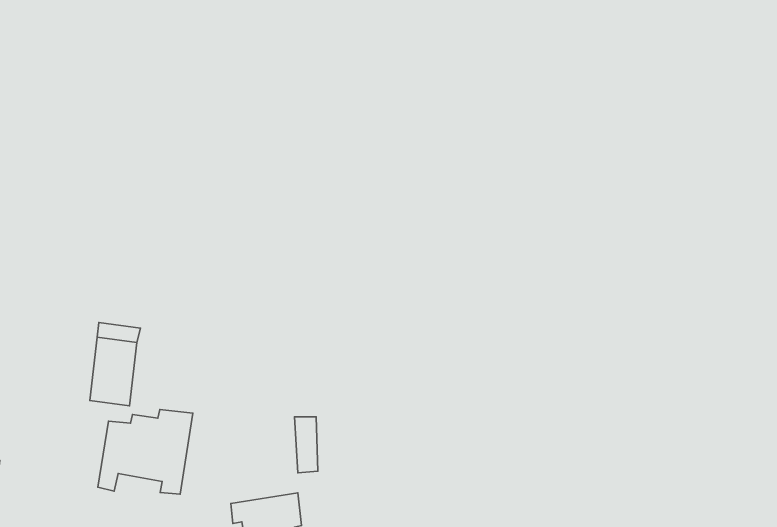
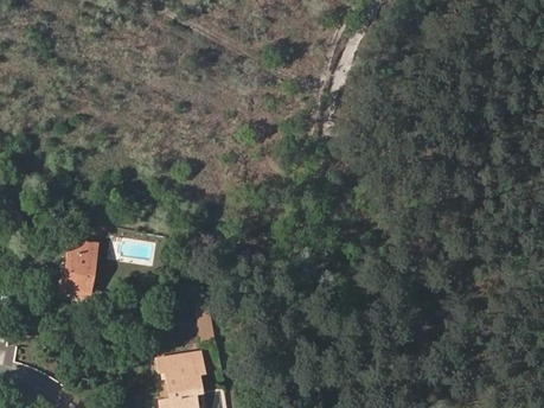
building: [98,409,193,494] -> none

